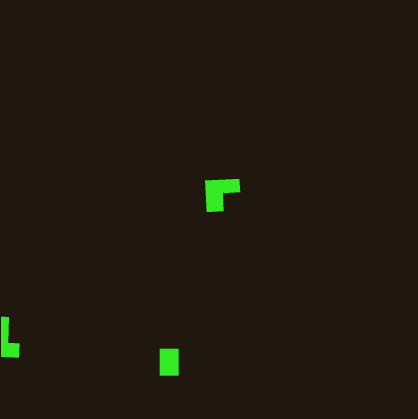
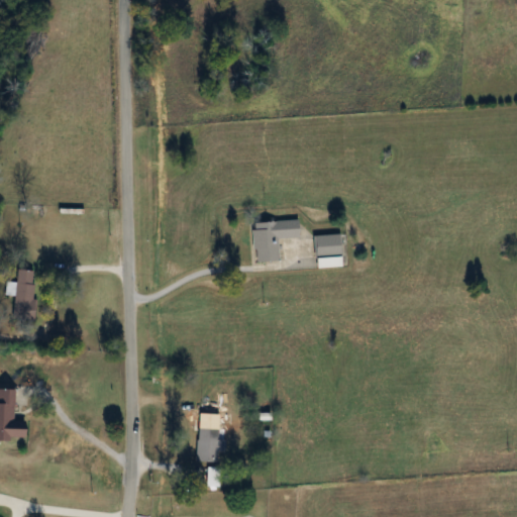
building: none -> [313,234,341,256]
building: none -> [13,268,38,320]

